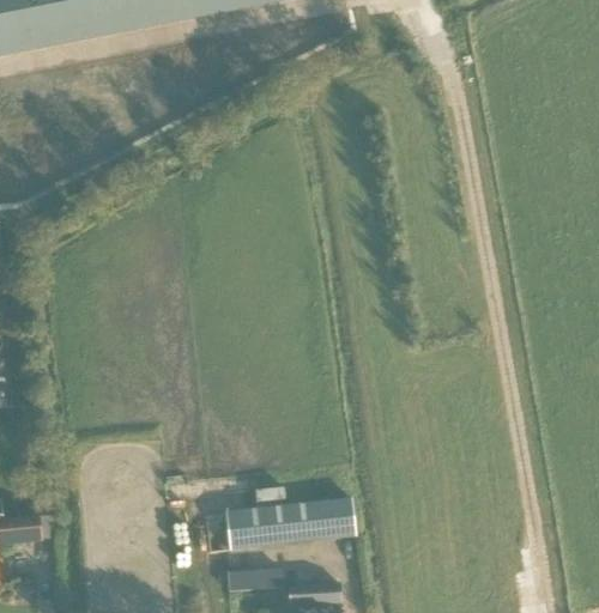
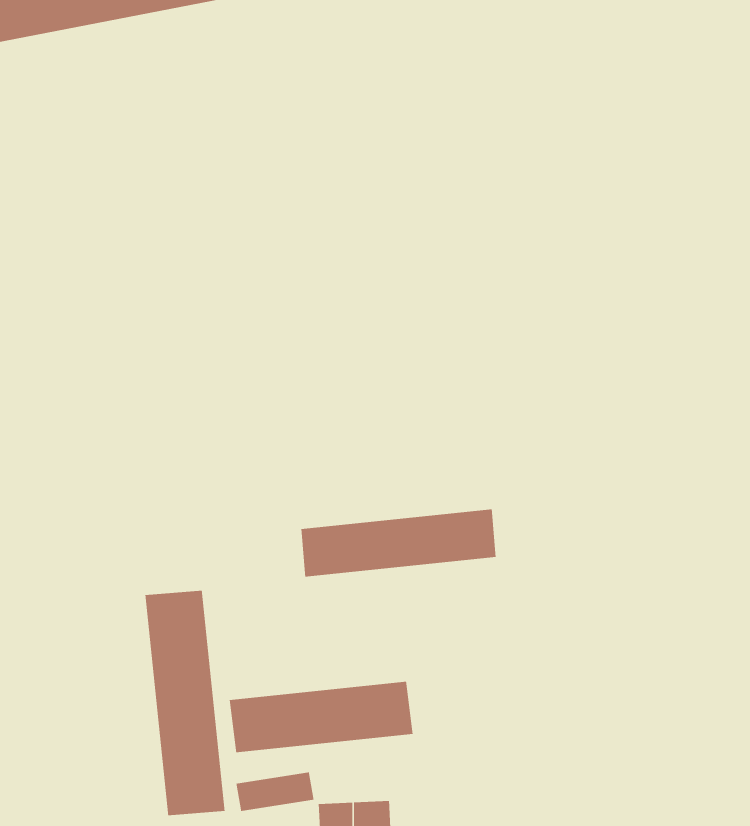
building: none -> [301,509,496,578]
building: none -> [145,590,225,816]

